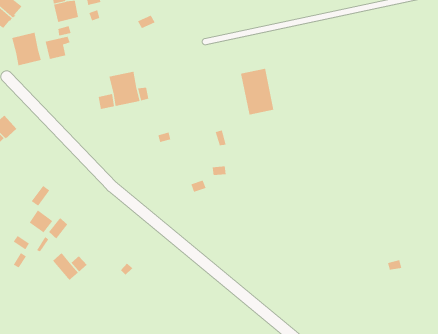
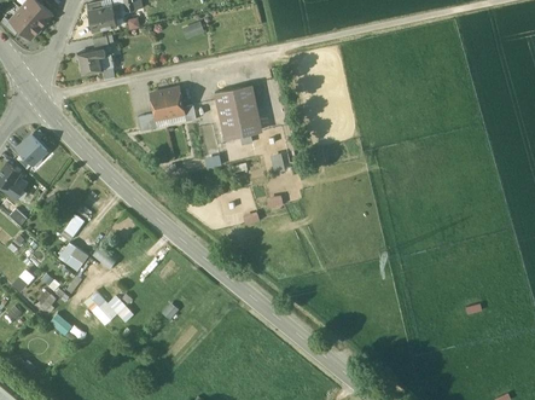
building: [12,32,42,66] -> none
building: [240,68,274,115] -> [214,85,252,138]

